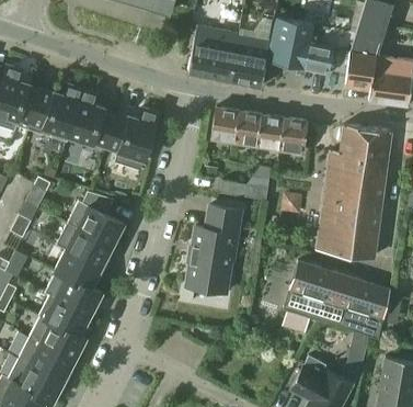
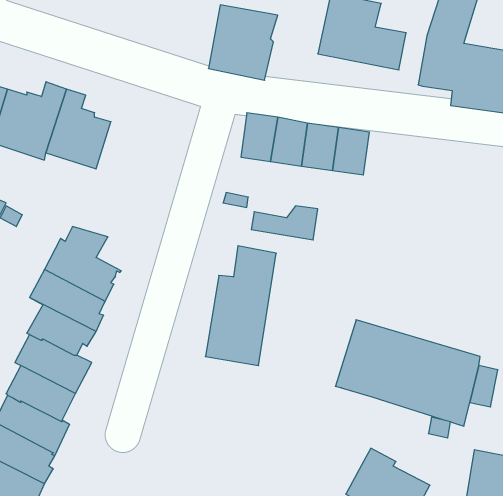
building: [230,34,271,88] -> none
building: [105,108,159,170] -> none
building: [319,124,392,257] -> none

